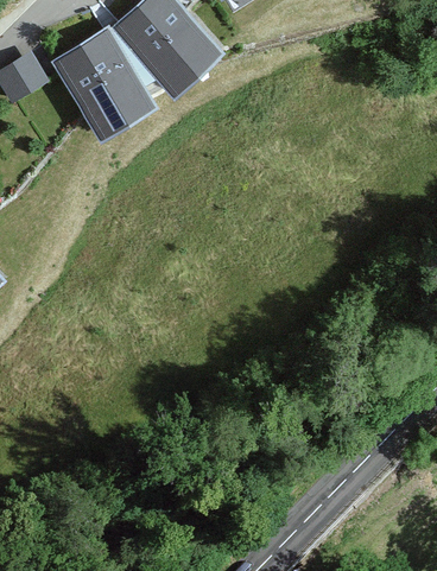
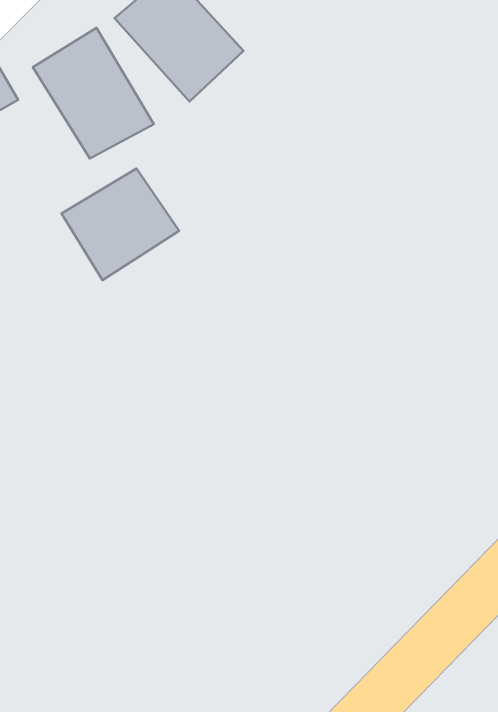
building: none -> [62,168,179,280]

